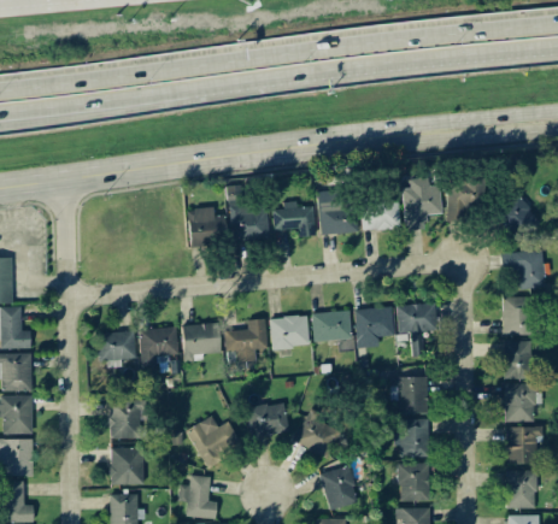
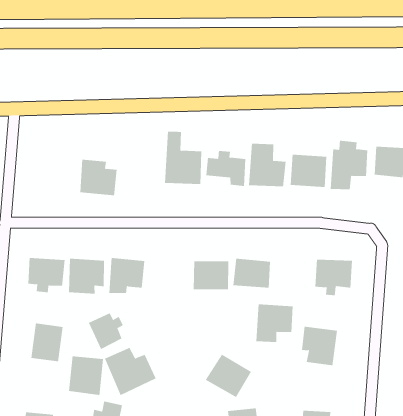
building: [188,208,227,243] -> [79,159,117,196]
building: [356,307,394,348] -> [255,304,293,343]
building: [225,319,268,363] -> none
building: none -> [88,312,124,350]
building: [247,401,289,438] -> none
building: [394,419,428,457] -> none
building: [111,447,145,485] -> [68,356,104,396]

